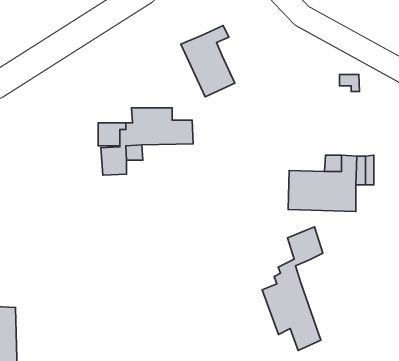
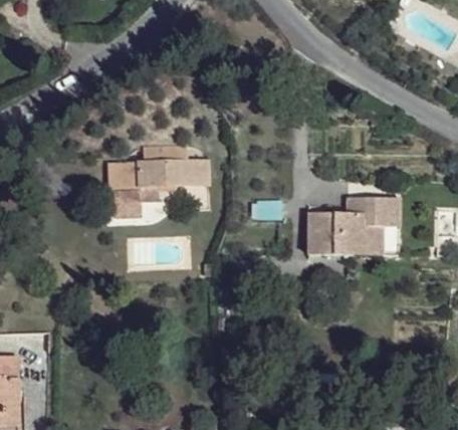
building: [181,25,235,97] -> none
building: [262,227,323,350] -> none

